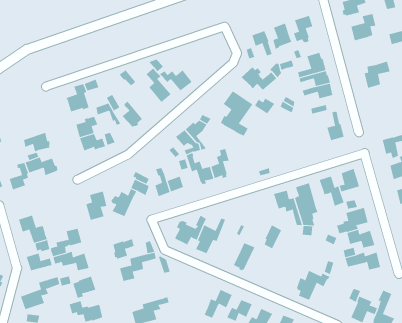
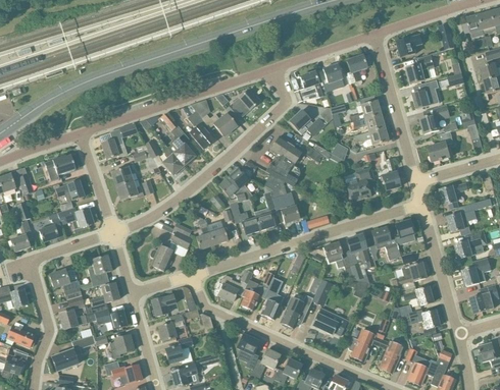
building: none -> [413,79,439,108]
building: none -> [226,90,258,119]
building: none -> [428,130,454,161]
building: none -> [167,137,195,166]
building: none -> [45,155,74,180]
building: none -> [345,167,373,202]
building: none -> [264,172,299,222]
building: [85,191,107,220] -> [88,255,111,286]
building: none -> [260,274,284,320]
building: none -> [312,307,348,336]
building: none -> [236,334,258,369]
building: none -> [164,335,193,364]
building: none -> [378,338,402,373]

